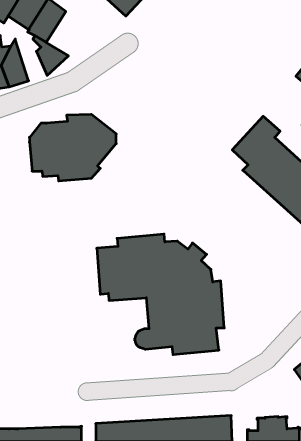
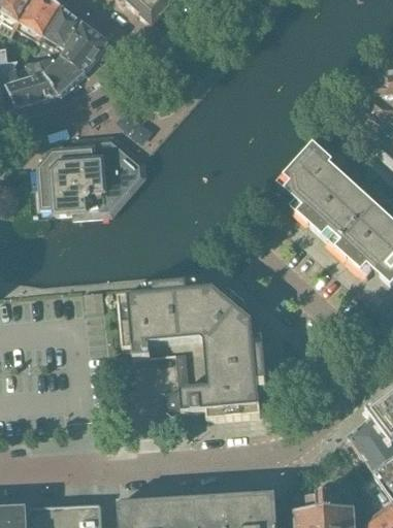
building: none -> [60,21,108,72]
building: none -> [24,44,61,101]

